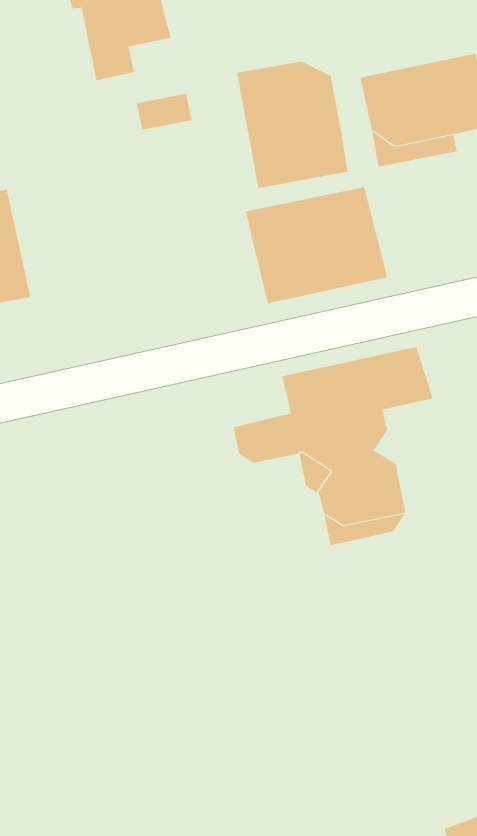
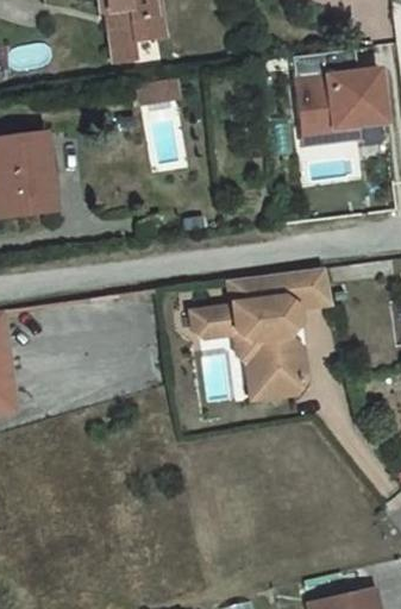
building: [237,61,348,189] -> none
building: [245,187,388,304] -> none

